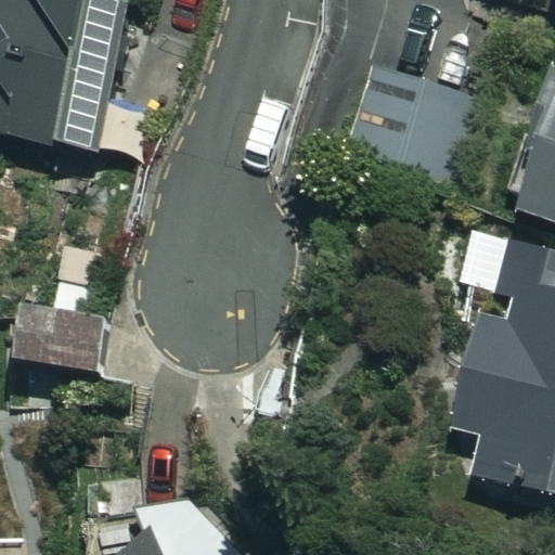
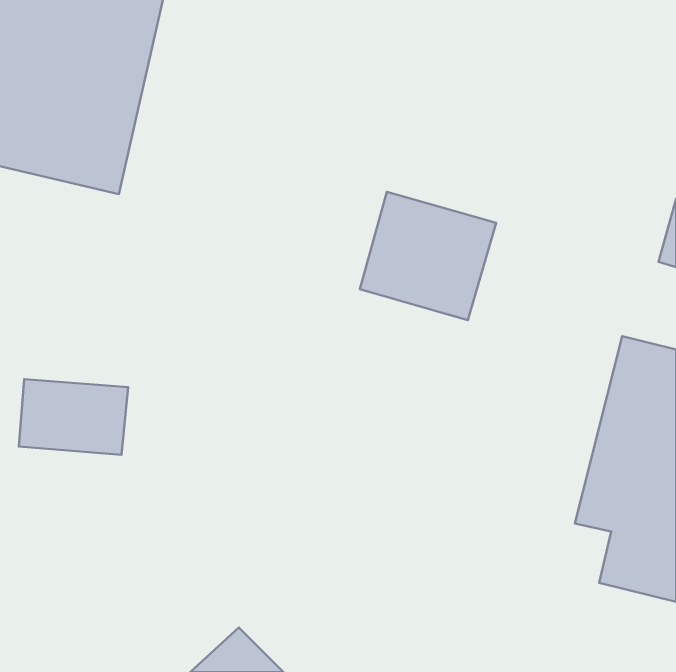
building: [352,67,462,170] -> [360,192,496,320]

